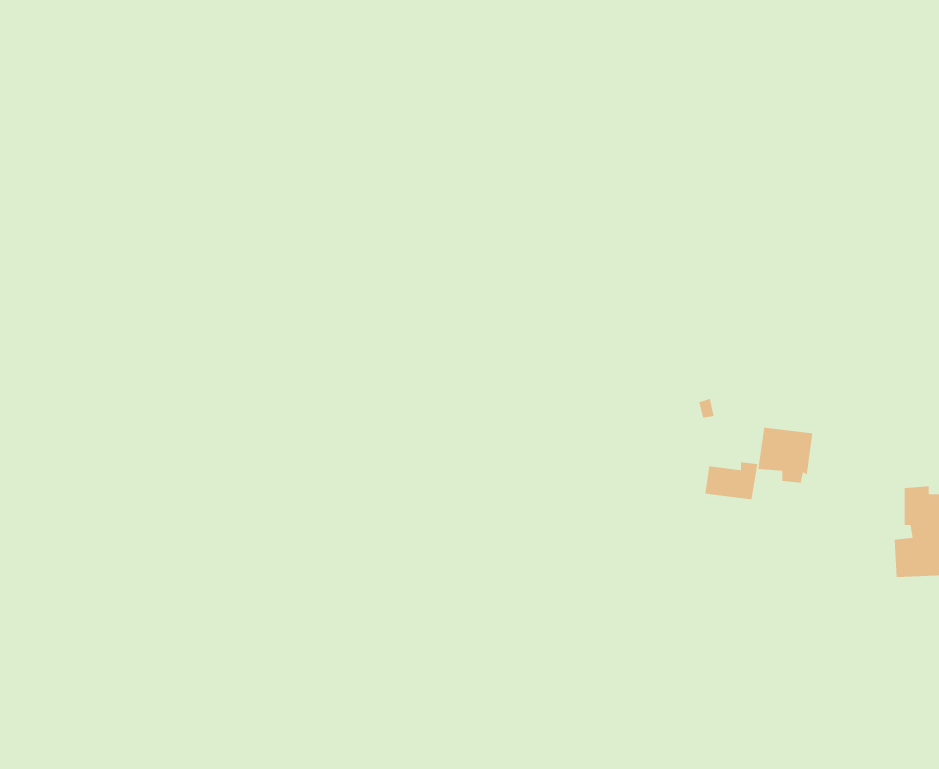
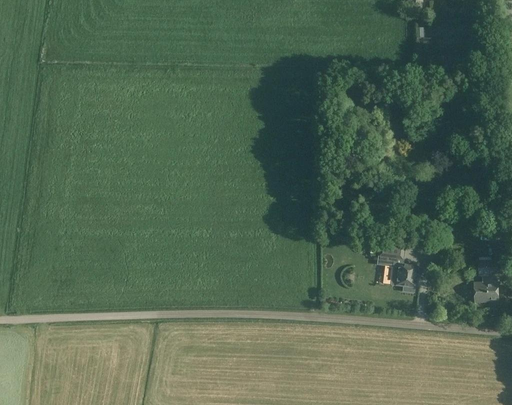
building: [758,427,813,483] -> [389,264,417,292]

